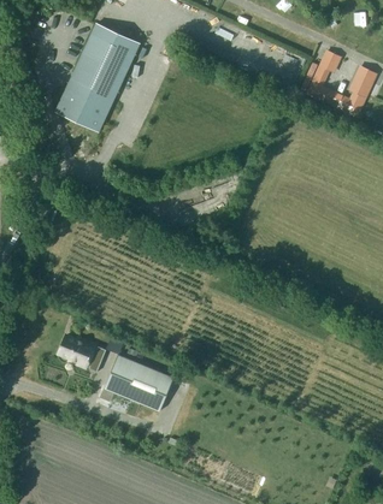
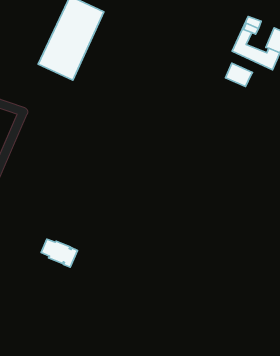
building: none -> [226,63,252,86]
building: [104,354,173,410] -> none

